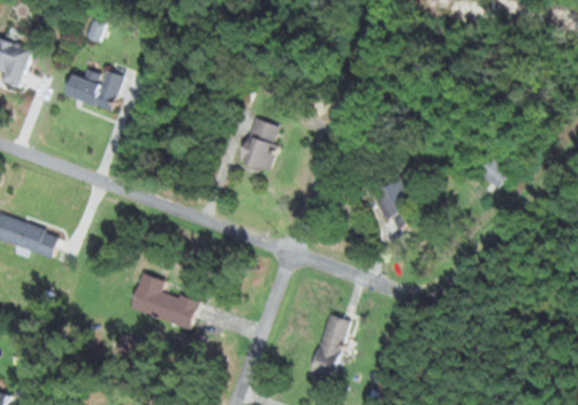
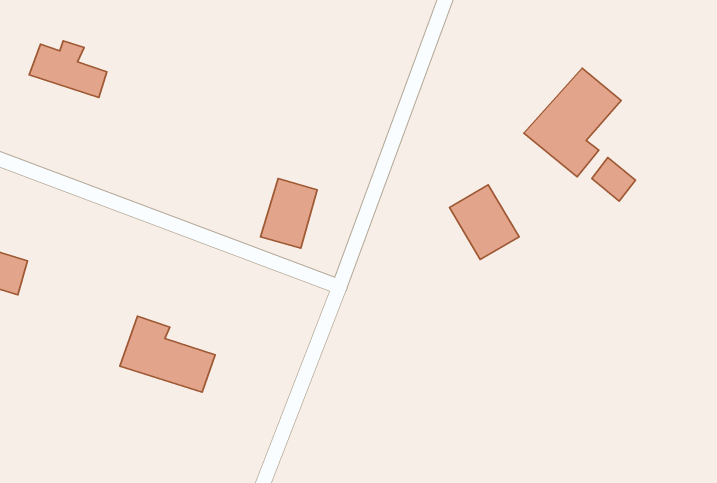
building: none -> [524,68,621,177]
building: [240,118,282,170] -> [260,178,317,248]
building: [309,313,350,379] -> none

